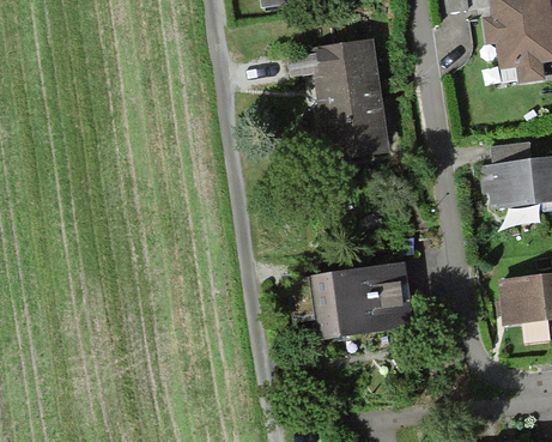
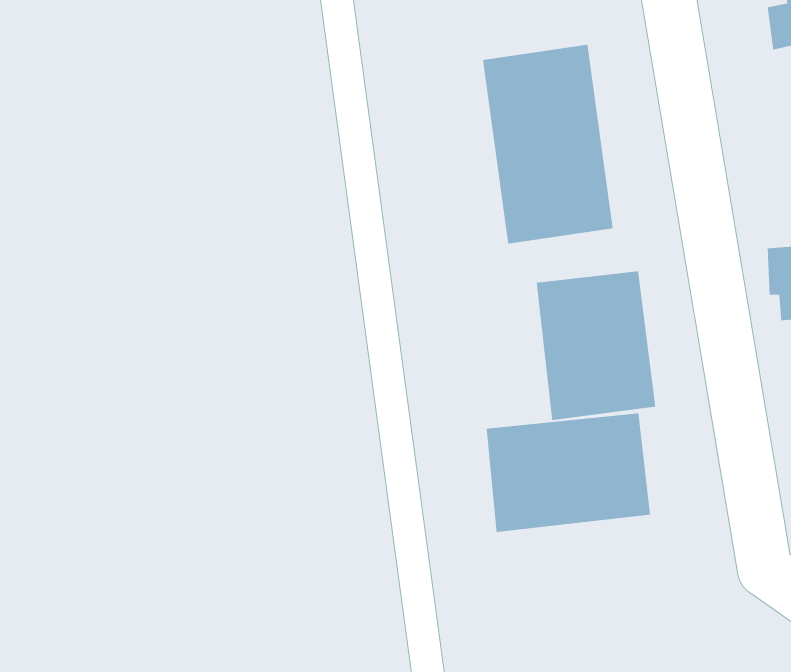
building: none -> [536,271,656,421]

